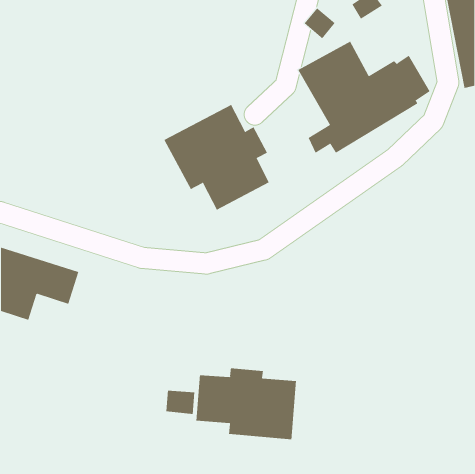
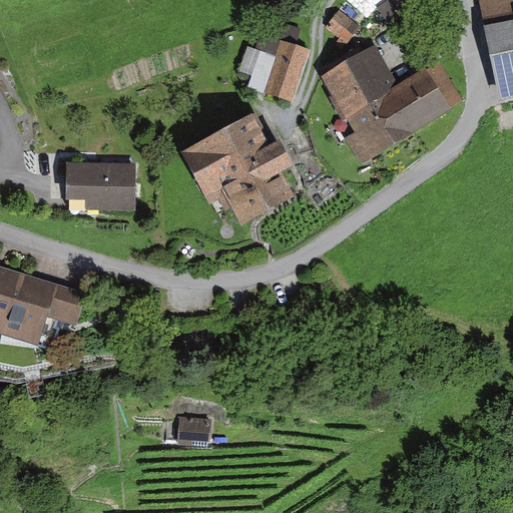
building: none -> [238,22,313,99]
building: none -> [64,162,136,209]
building: [196,367,296,440] -> none

